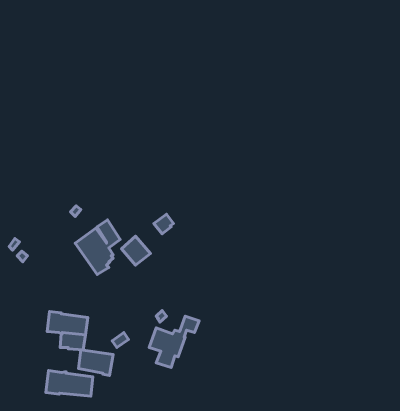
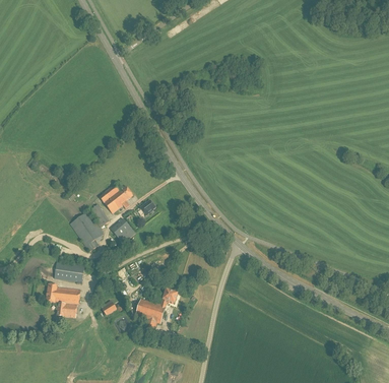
building: none -> [99,184,133,212]
building: [78,350,113,375] -> [55,261,85,283]
building: [46,371,93,396] -> none

